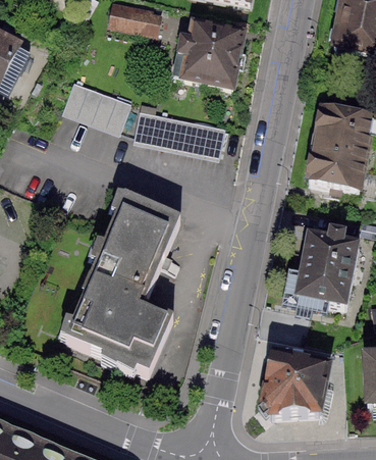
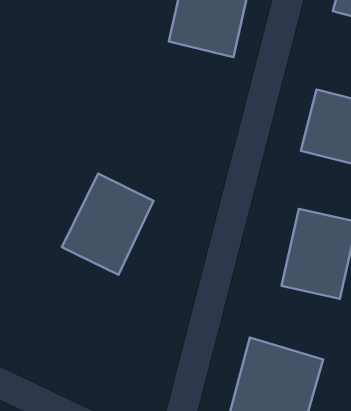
building: [59,81,130,136] -> none
building: [131,111,225,161] -> none
building: [67,271,173,367] -> none

